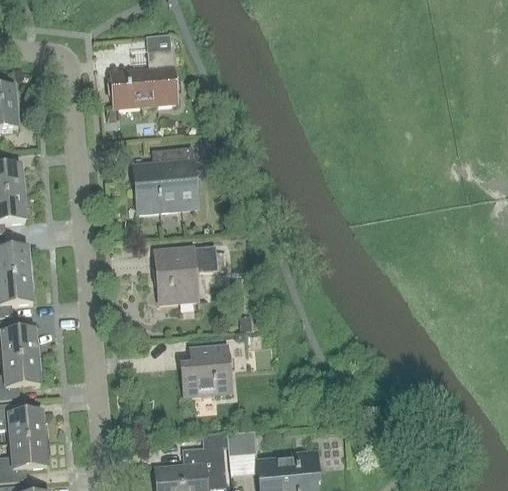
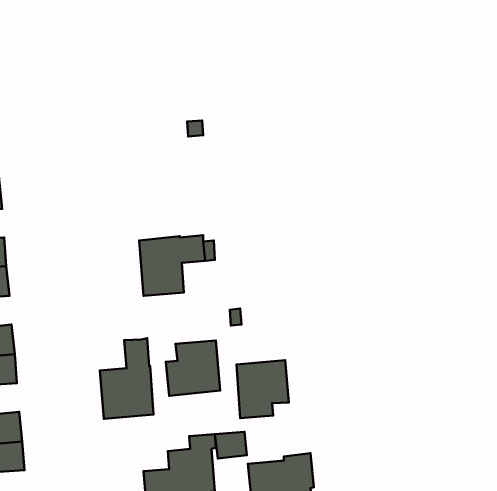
building: [109,47,176,118] -> none
building: [133,146,197,211] -> none
building: none -> [100,338,153,419]
building: none -> [237,360,289,418]

